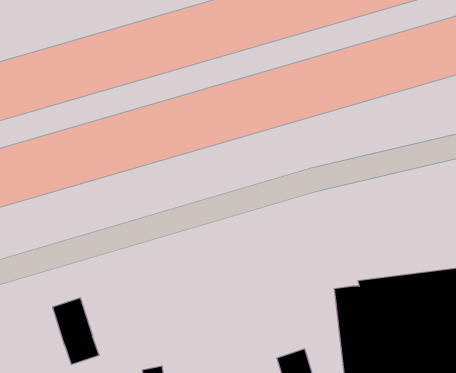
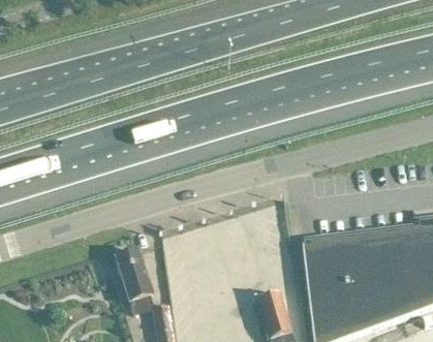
building: [53,298,99,365] -> [116,248,152,300]

